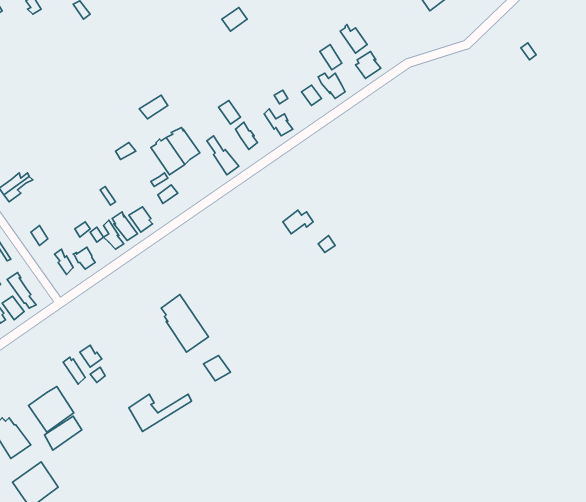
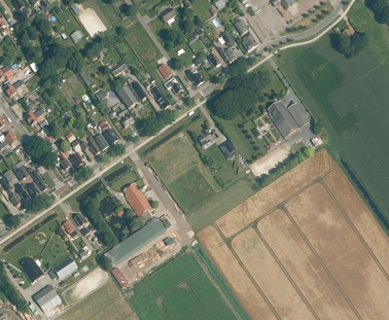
building: none -> [268,100,310,137]
building: [28,386,74,432] -> none

